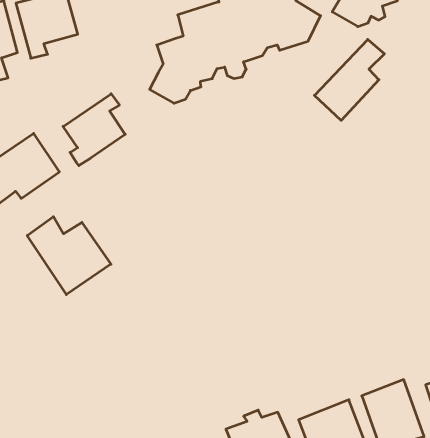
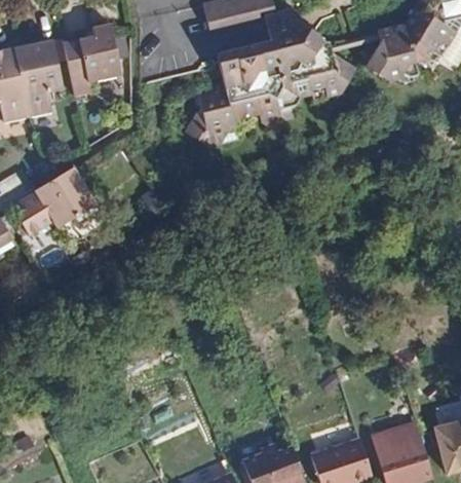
building: [314,39,384,120] -> none
building: [63,94,125,166] -> none
building: [27,217,111,295] -> none

